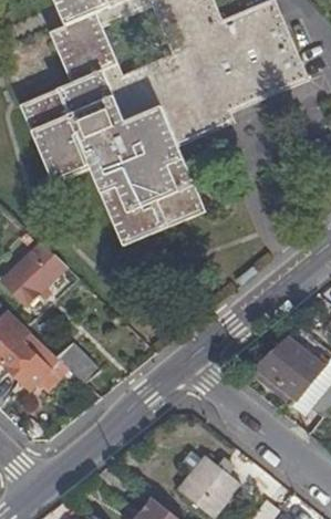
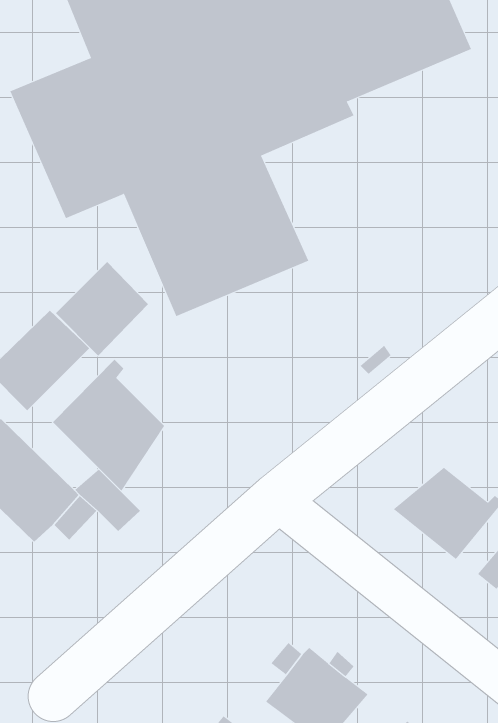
building: none -> [55,261,149,356]
building: none -> [52,359,165,492]

